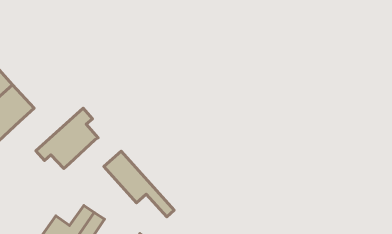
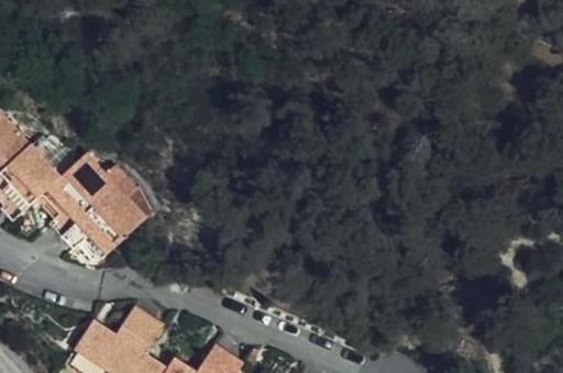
building: none -> [51,145,137,229]
building: [104,151,174,217] -> none

